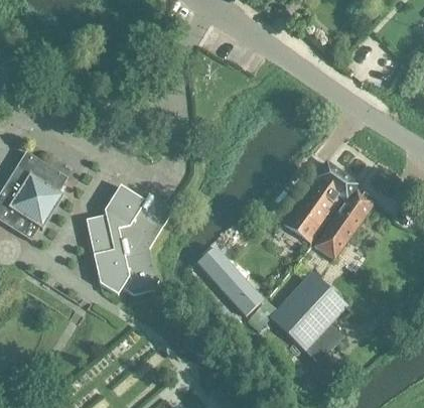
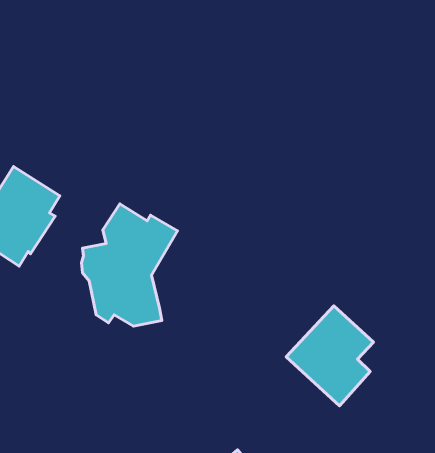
building: [285,163,372,256] -> none
building: [197,247,265,315] -> none

